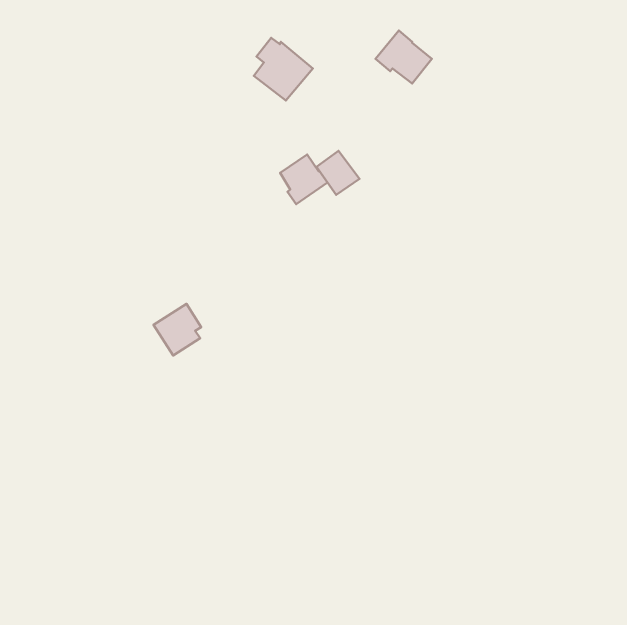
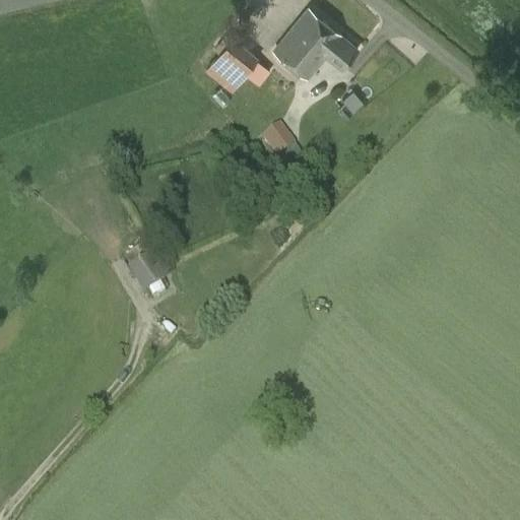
building: none -> [273,8,330,79]
building: [280,155,327,204] -> none

